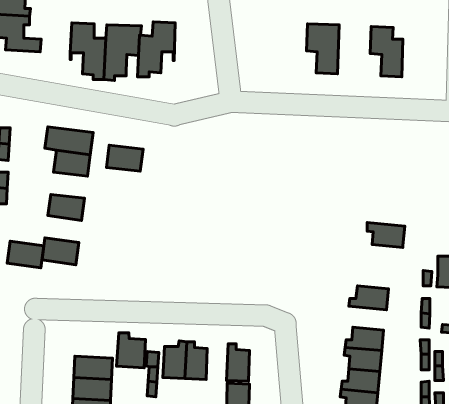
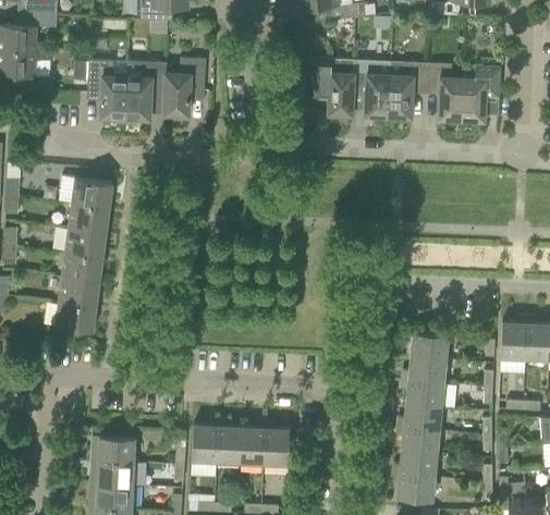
building: none -> [310,58,355,114]
building: none -> [389,61,427,118]
building: none -> [462,65,501,121]
building: [106,145,143,171] -> [65,228,107,257]
building: [367,222,405,247] -> [406,331,449,359]
building: [7,241,44,268] -> [59,277,100,307]
building: none -> [402,379,444,406]
building: [116,333,145,368] -> none
building: none -> [241,420,266,463]

